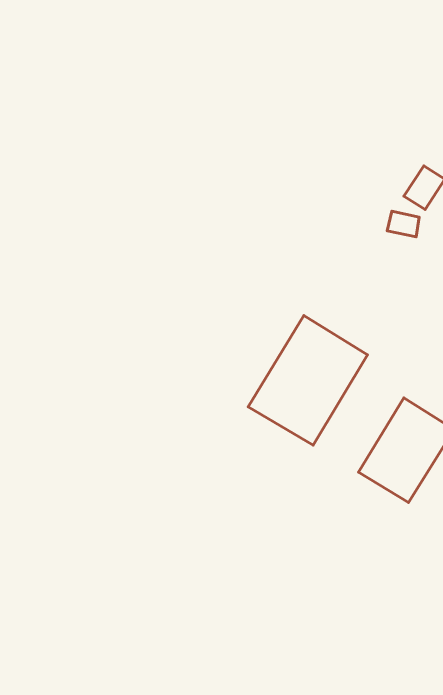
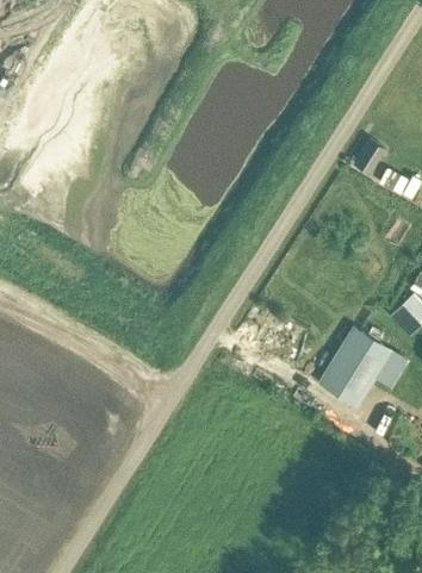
building: [248,315,368,445] -> none

